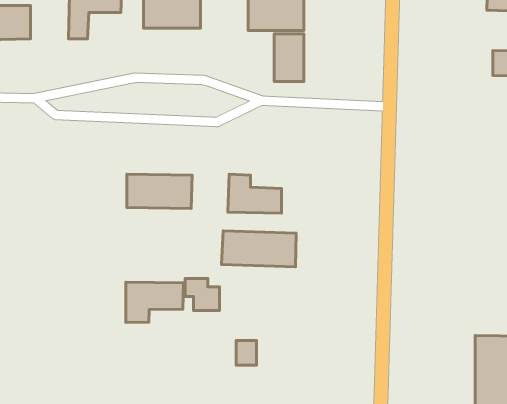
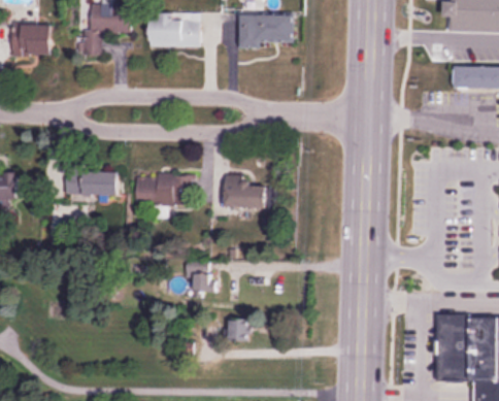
building: [274,34,304,82] -> none
building: none -> [65,169,119,196]
building: [221,231,296,267] -> none
building: [126,282,184,323] -> none

